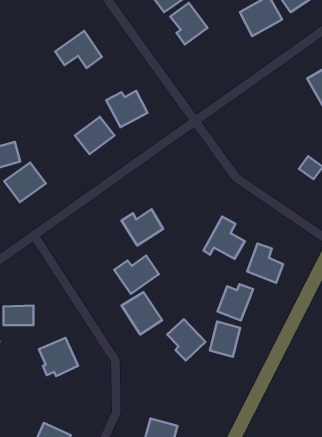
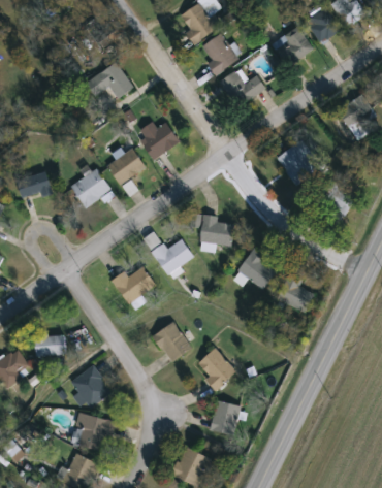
building: none -> [218,70,264,108]
building: none -> [276,141,314,178]
building: [4,163,46,202] -> [69,168,110,207]
building: none -> [199,215,233,251]
building: [114,255,159,294] -> [110,266,155,304]
building: [218,284,253,320] -> none
building: [210,322,240,357] -> [210,400,240,435]
building: none -> [71,413,113,452]

